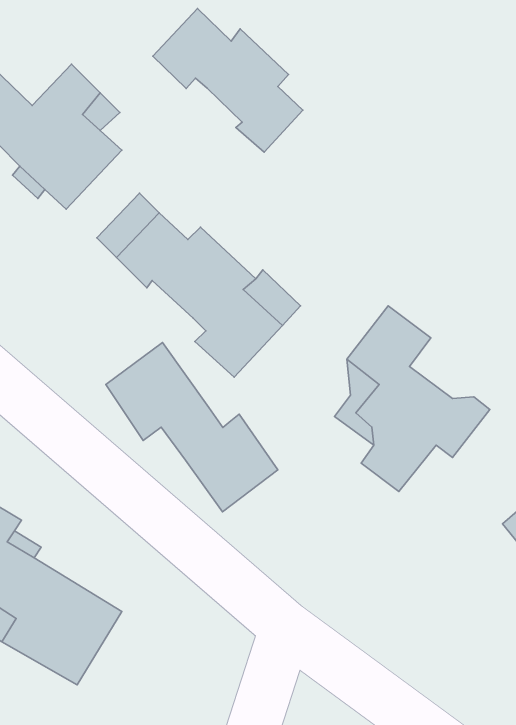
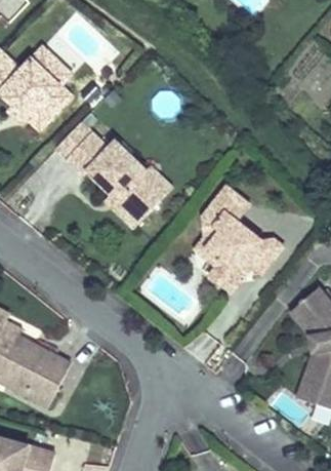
building: [153,9,303,152] -> none
building: [106,342,278,512] -> none

